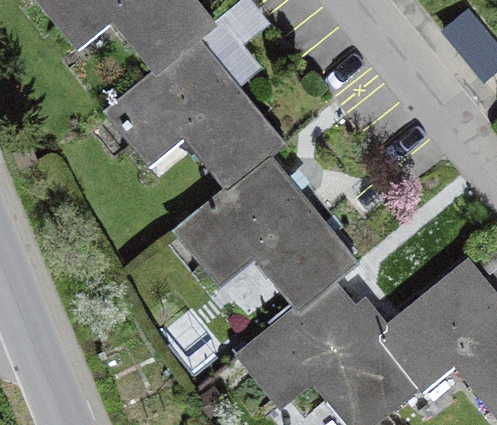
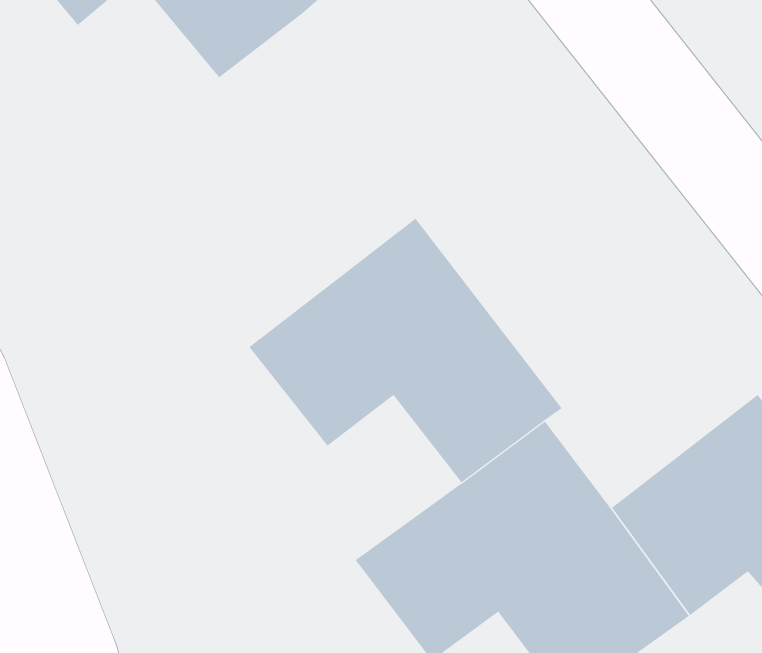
building: [114,41,287,192] -> none

